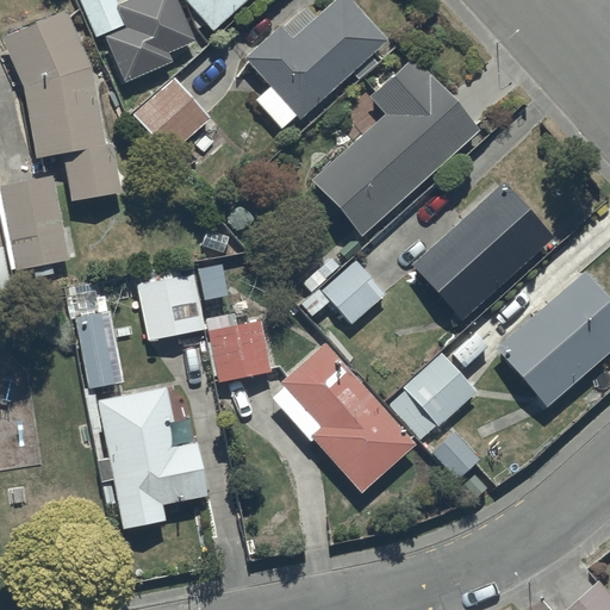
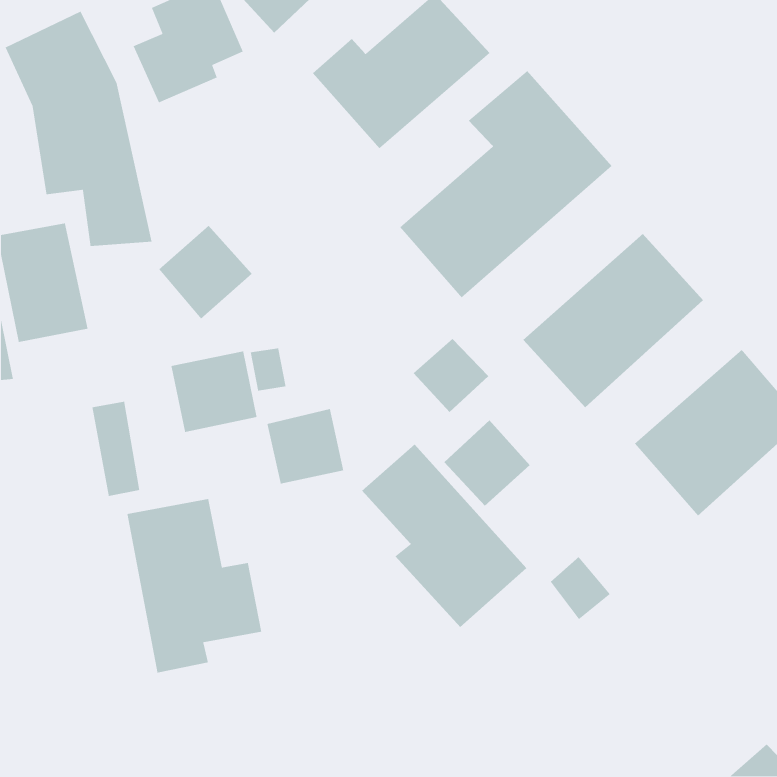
building: [133,77,207,151] -> [158,225,253,319]
building: [406,356,474,424] -> [444,420,530,506]

